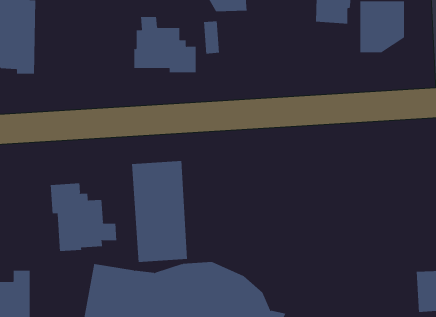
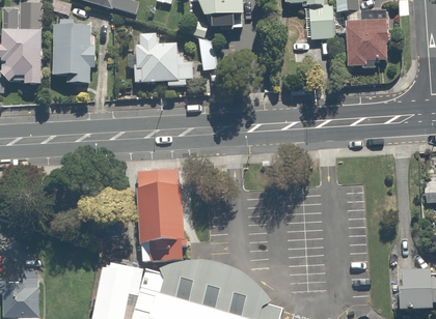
building: none -> [53,22,108,83]
building: [50,183,117,252] -> none

